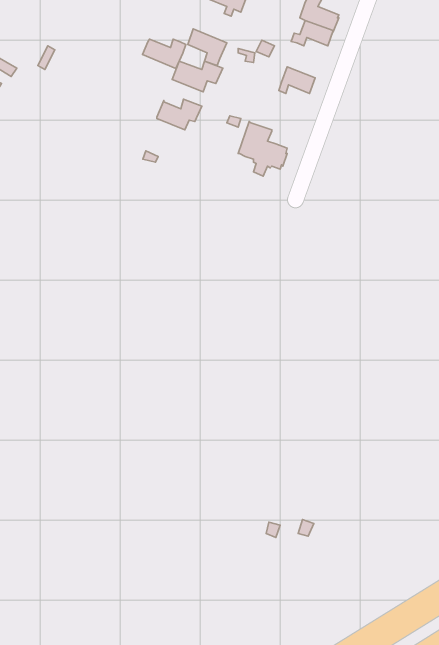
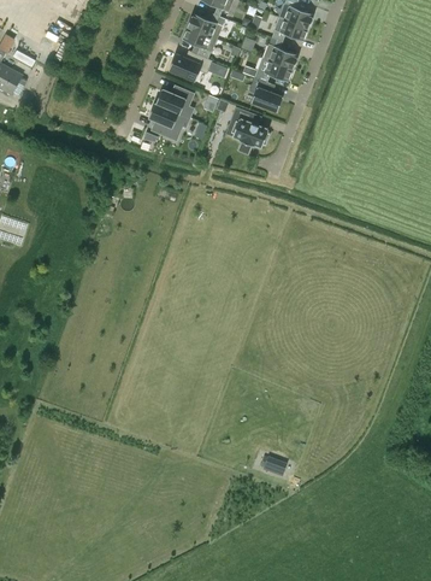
building: [142,39,186,68] -> [187,13,224,39]
building: none -> [262,39,296,69]
building: none -> [249,78,283,115]
building: none -> [147,101,182,140]

